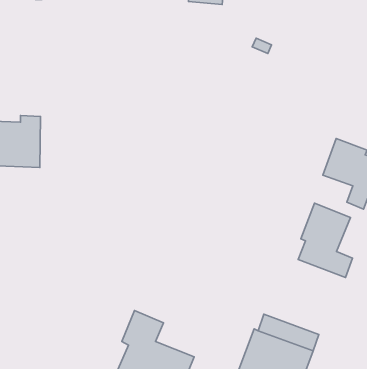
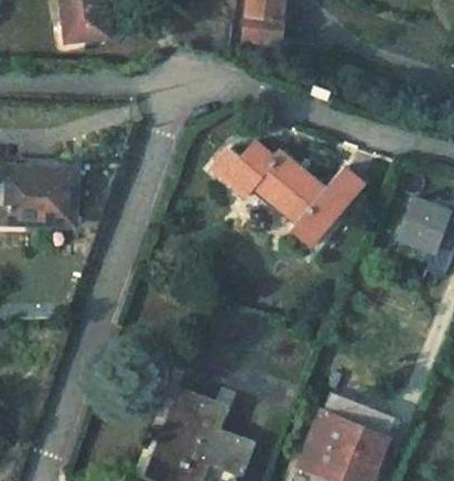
building: none -> [213,144,360,243]
building: [298,203,353,277] -> none

